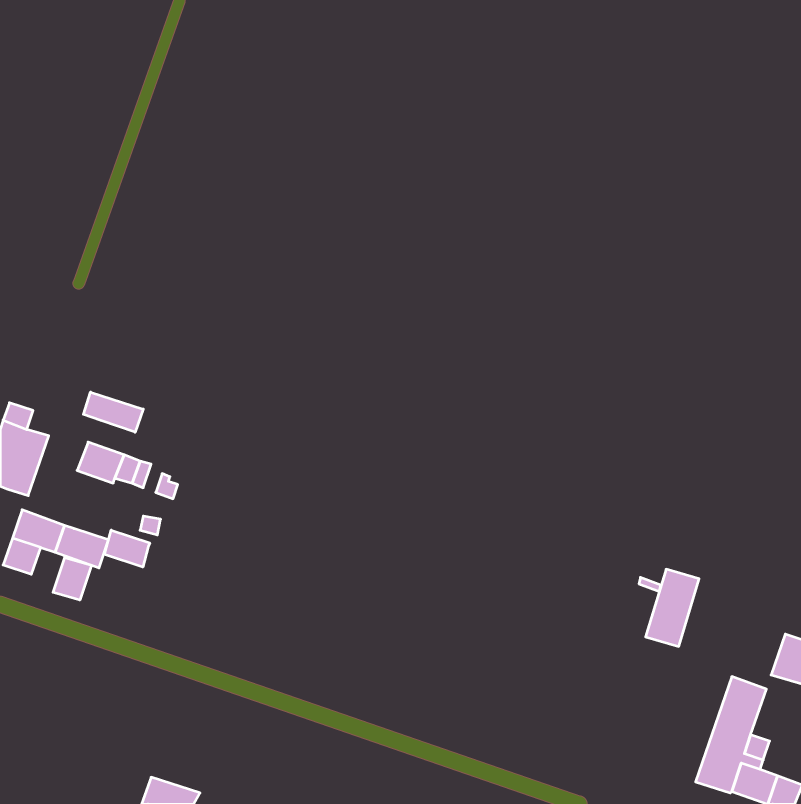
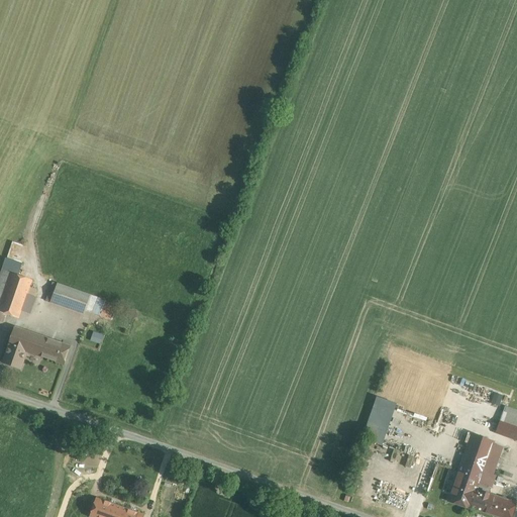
building: [83,392,143,432] -> none
building: [104,530,150,567] -> none
building: [53,557,91,600] -> none
building: [646,569,699,646] -> [363,396,397,445]

